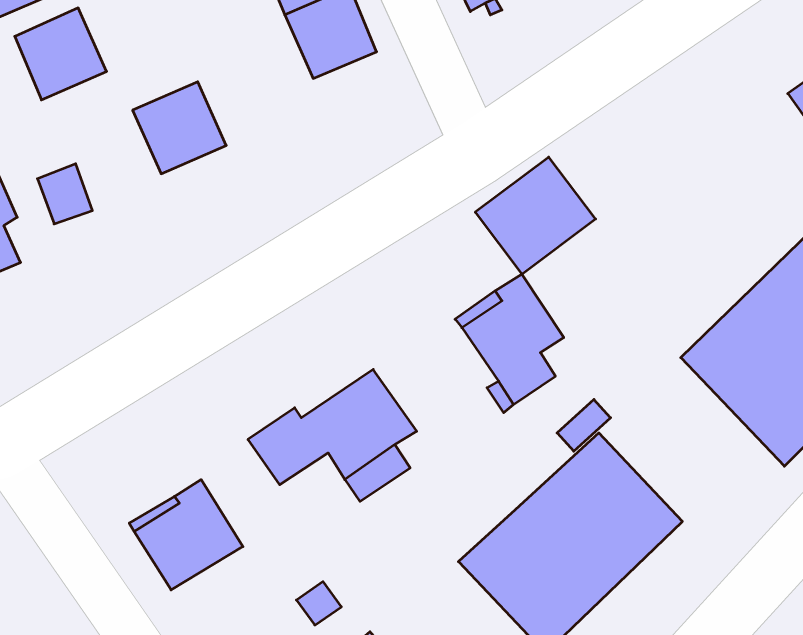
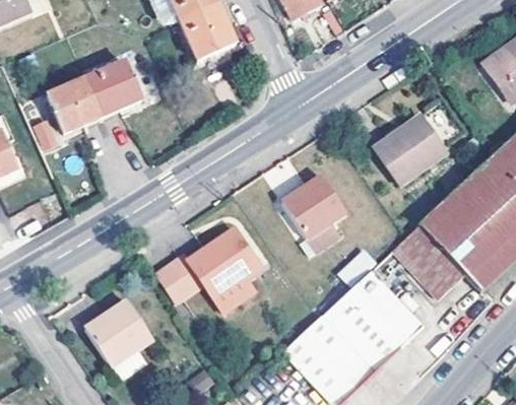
building: [15,8,107,100] -> [48,76,104,132]
building: [475,157,596,274] -> [374,115,447,186]
building: none -> [394,226,466,298]

